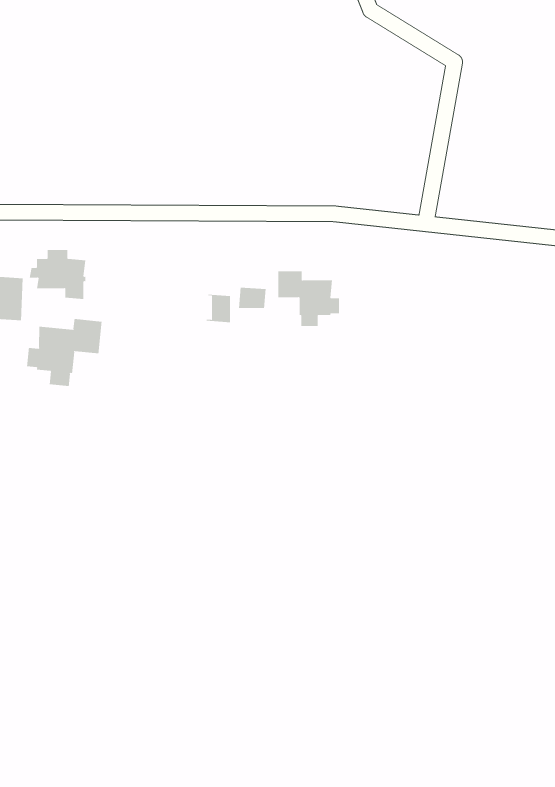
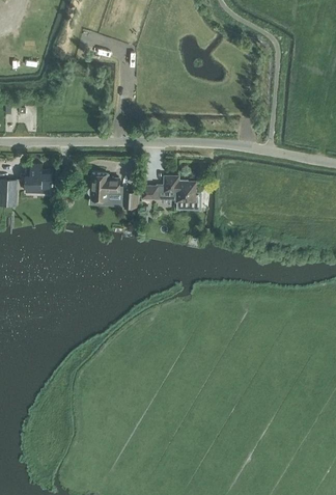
building: none -> [87,175,119,200]
building: [27,318,102,387] -> none

